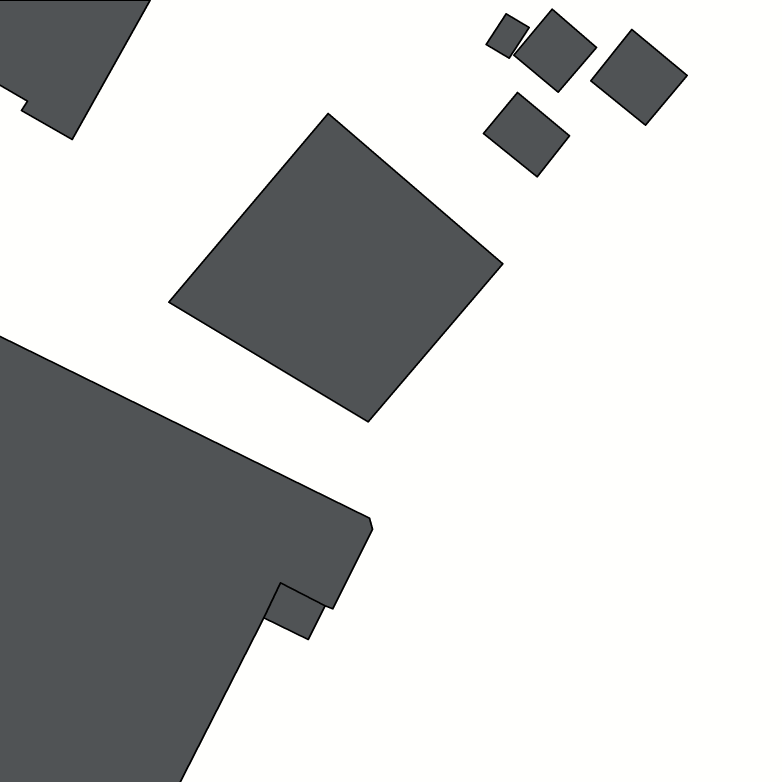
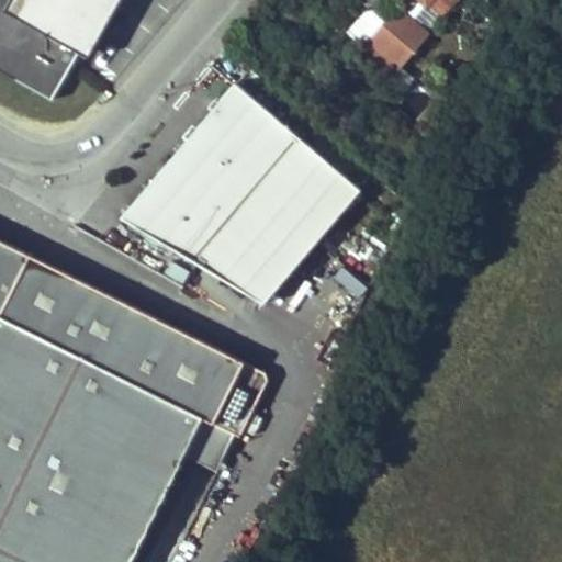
building: [591,30,687,125] -> none
building: [483,92,570,177] -> none

